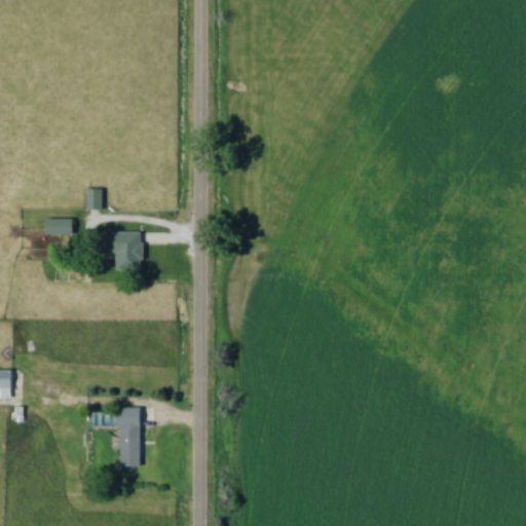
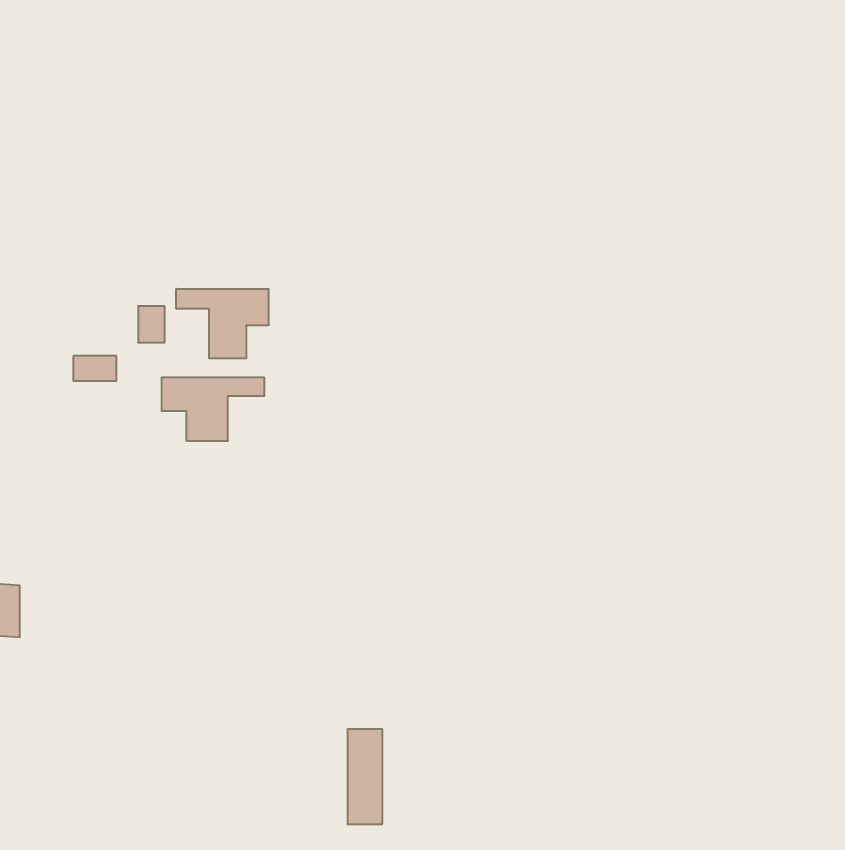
building: none -> [176,289,269,358]
building: [118,409,140,467] -> [347,729,382,824]

